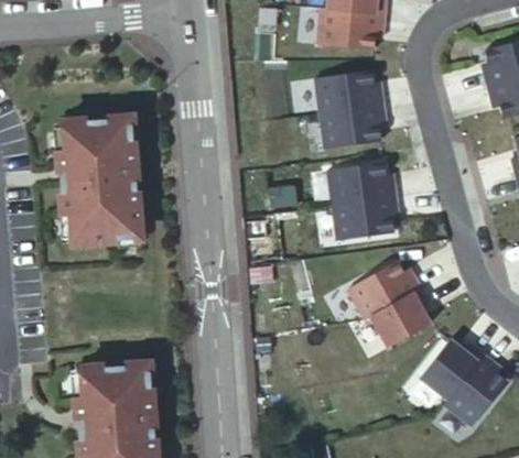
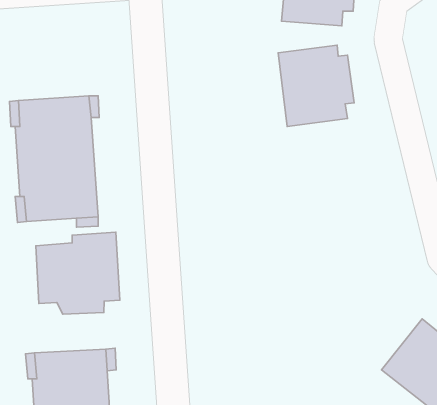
building: [329,162,401,239] -> none
building: none -> [36,232,120,314]
building: [348,253,437,347] -> none

